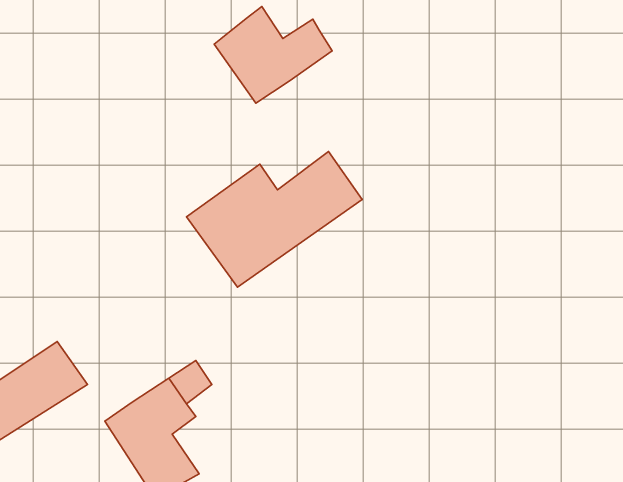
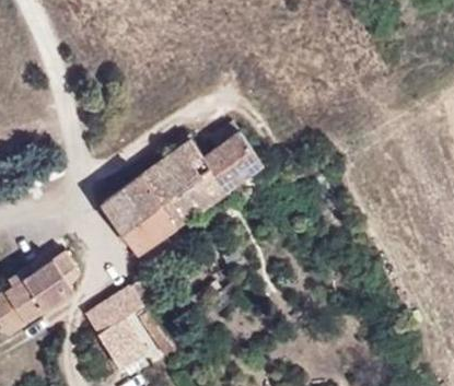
building: [214,6,332,103] -> none
building: none -> [100,175,175,252]

